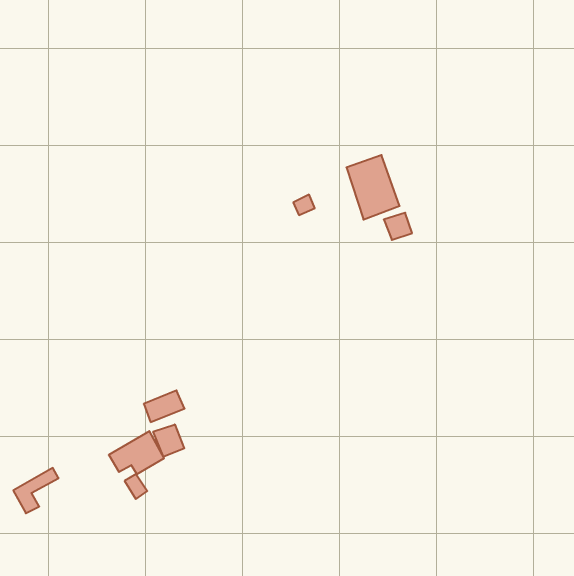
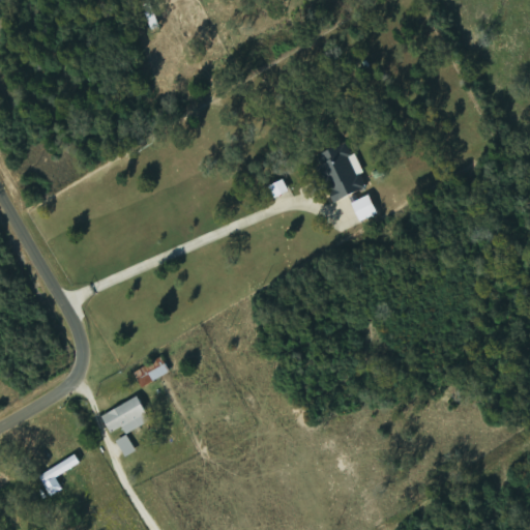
building: [153,424,184,457] -> none
building: [13,468,59,513] -> [38,453,80,495]

